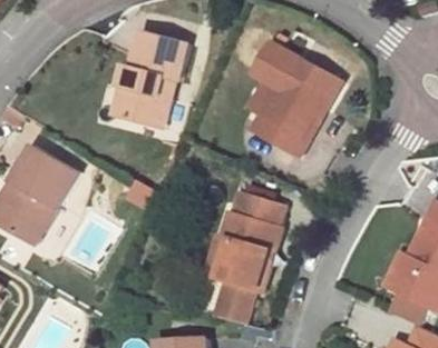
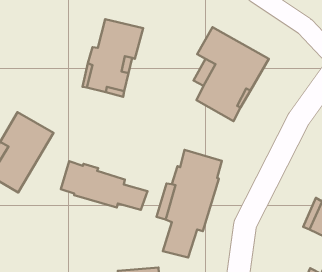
building: none -> [61,161,147,210]

